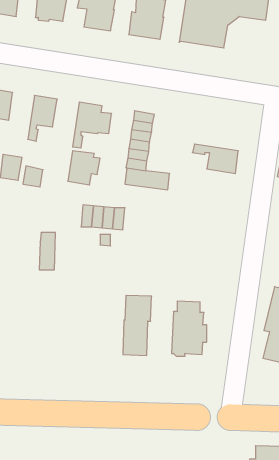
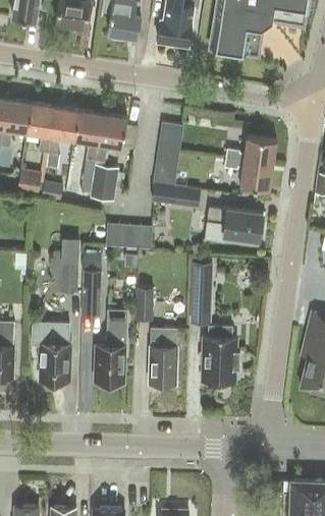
building: none -> [28,103,55,153]
building: none -> [74,110,103,193]
building: none -> [226,136,276,165]
building: none -> [205,208,264,245]
building: none -> [189,263,213,325]
building: none -> [82,270,102,318]
building: none -> [136,287,153,321]
building: none -> [95,310,126,383]
building: none -> [31,322,70,381]

